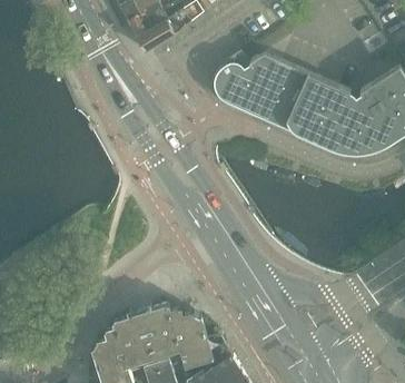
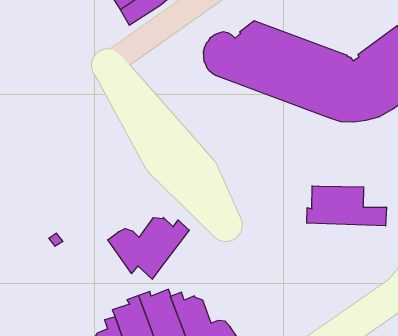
building: none -> [307,186,386,226]
building: none -> [108,217,189,279]

